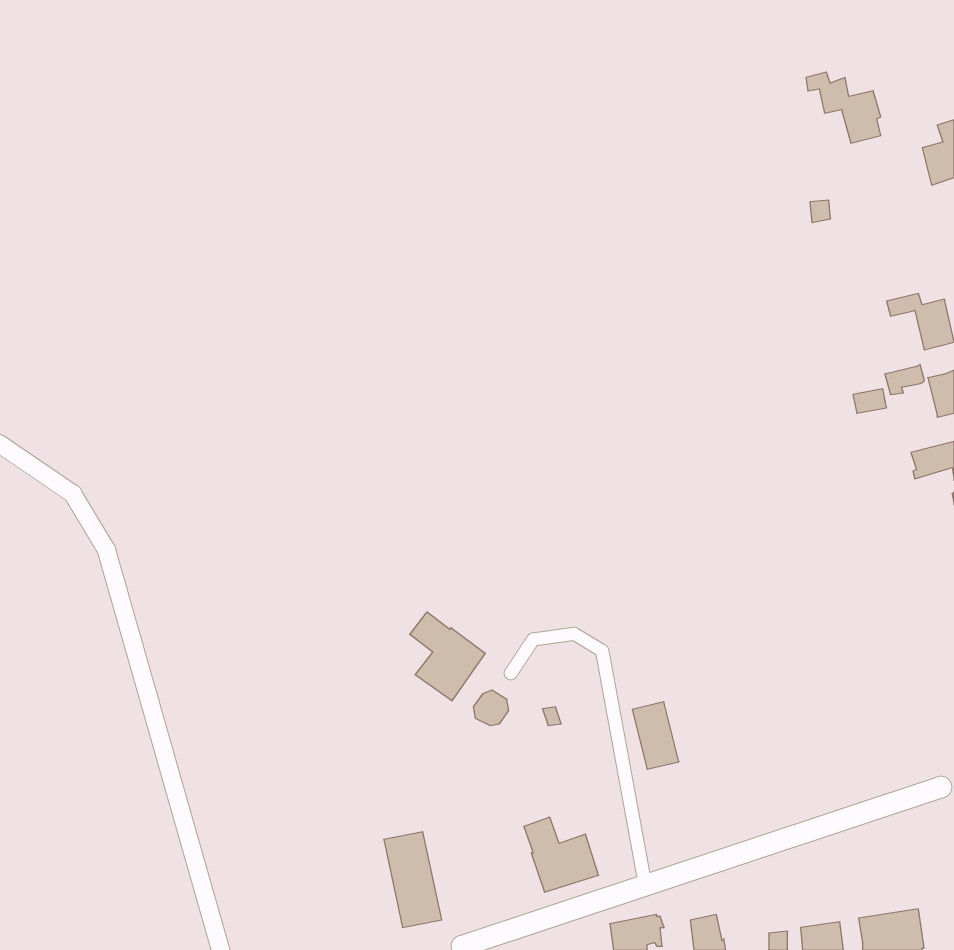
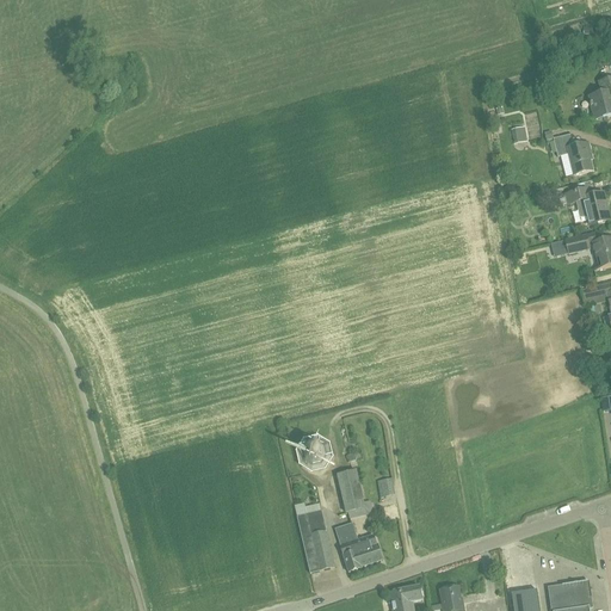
building: [806,72,881,143] -> [544,128,592,173]
building: [410,612,485,701] -> none
building: [632,702,679,769] -> [335,468,365,511]
building: [384,832,442,927] -> [296,510,333,570]

